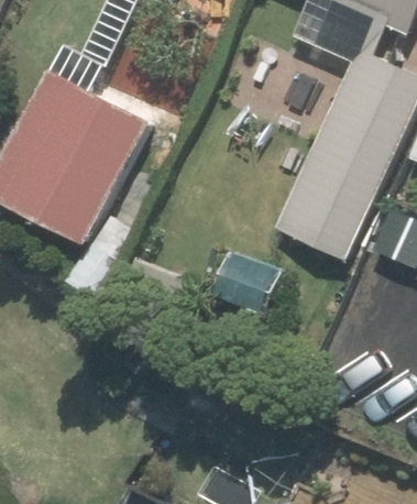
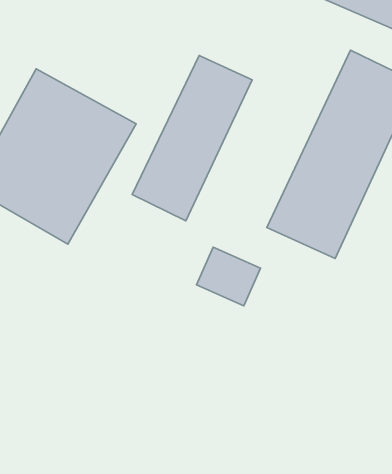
building: none -> [132,55,252,221]

